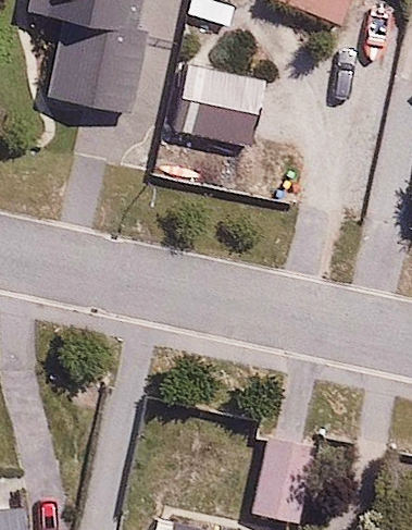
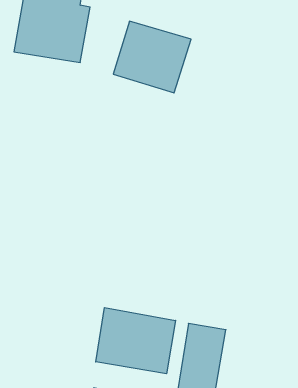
building: none -> [96,308,176,374]

